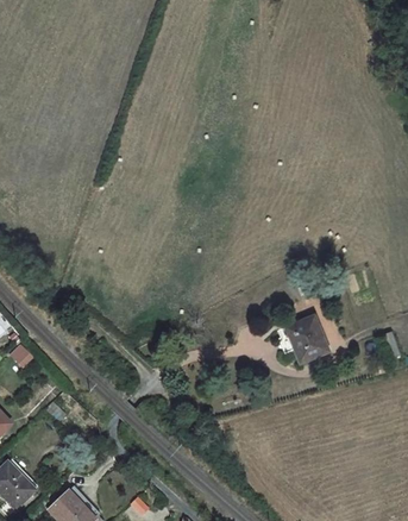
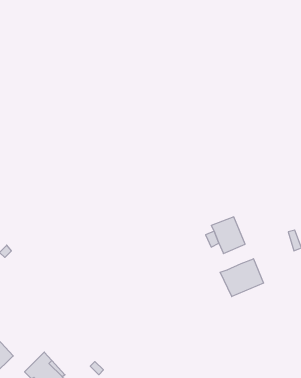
building: none -> [220,259,263,297]

